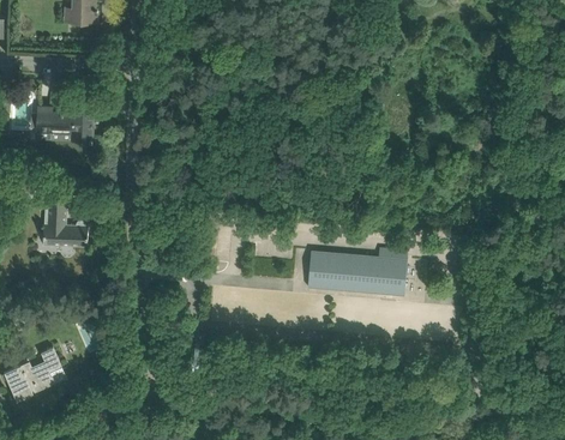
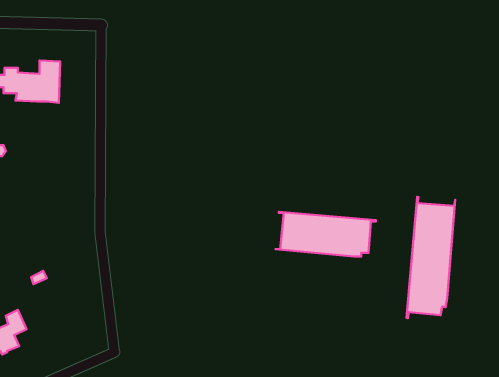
building: [43,194,88,251] -> none
building: none -> [407,197,455,318]

